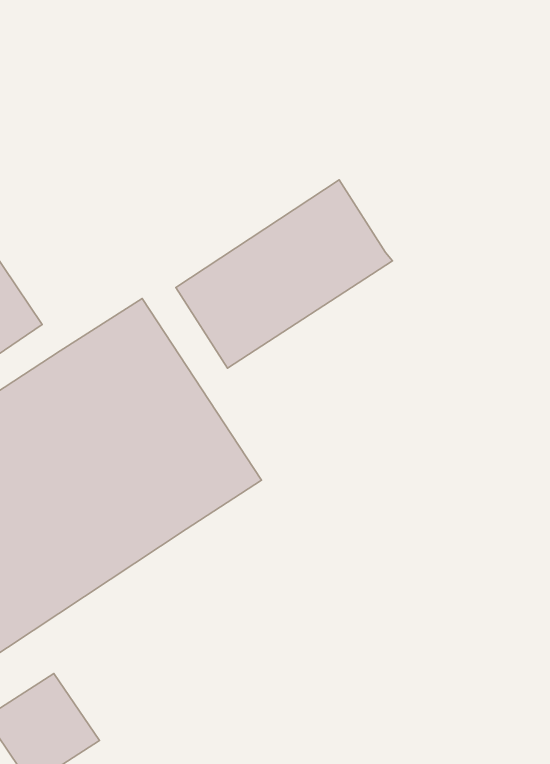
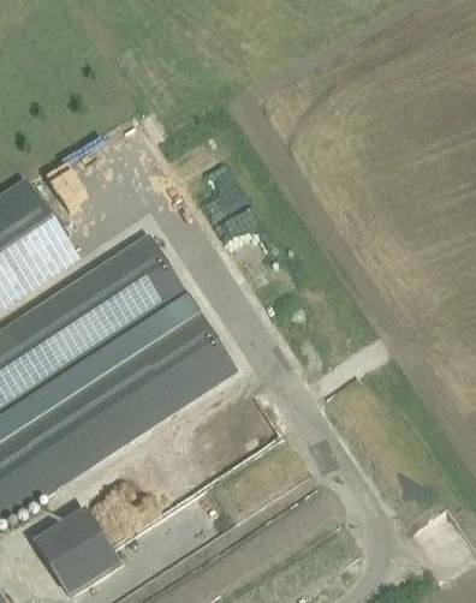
building: [176,180,392,368] -> none

